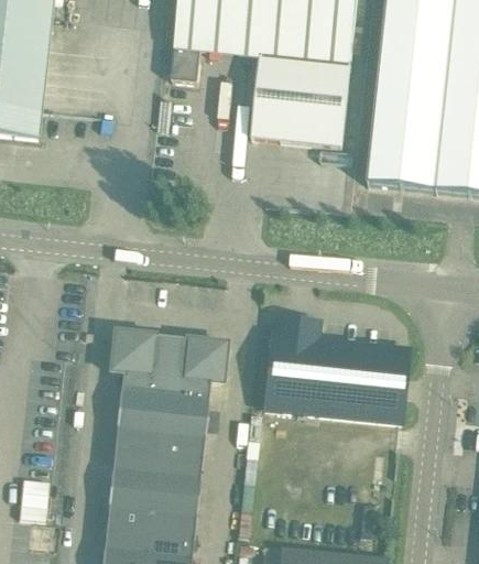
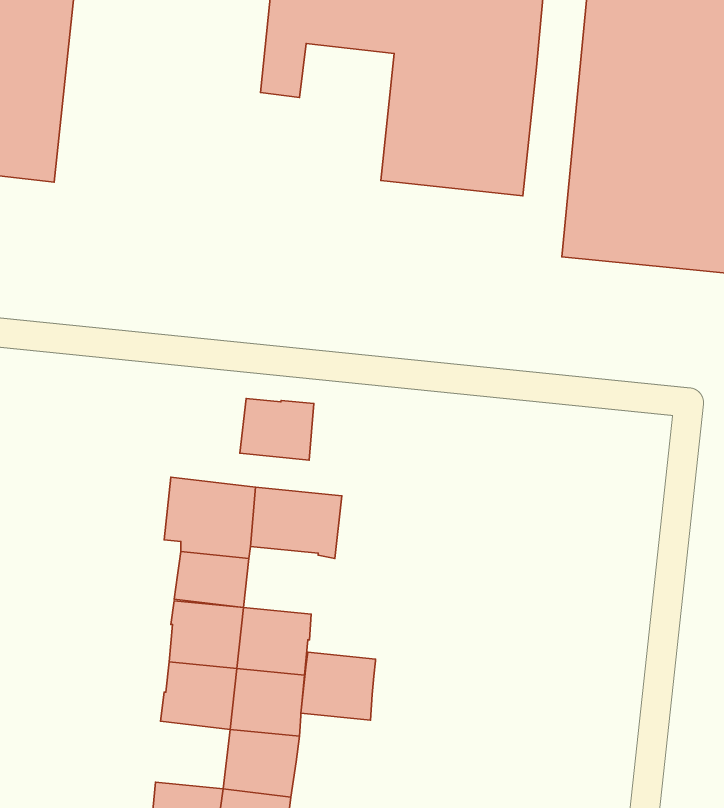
building: none -> [240,398,314,460]
building: [262,317,407,425] -> none
building: [161,377,209,421] -> [301,652,375,720]
building: [104,490,152,534] -> none

